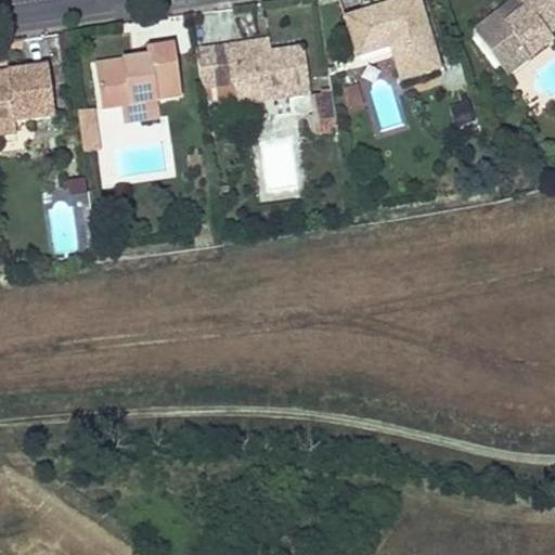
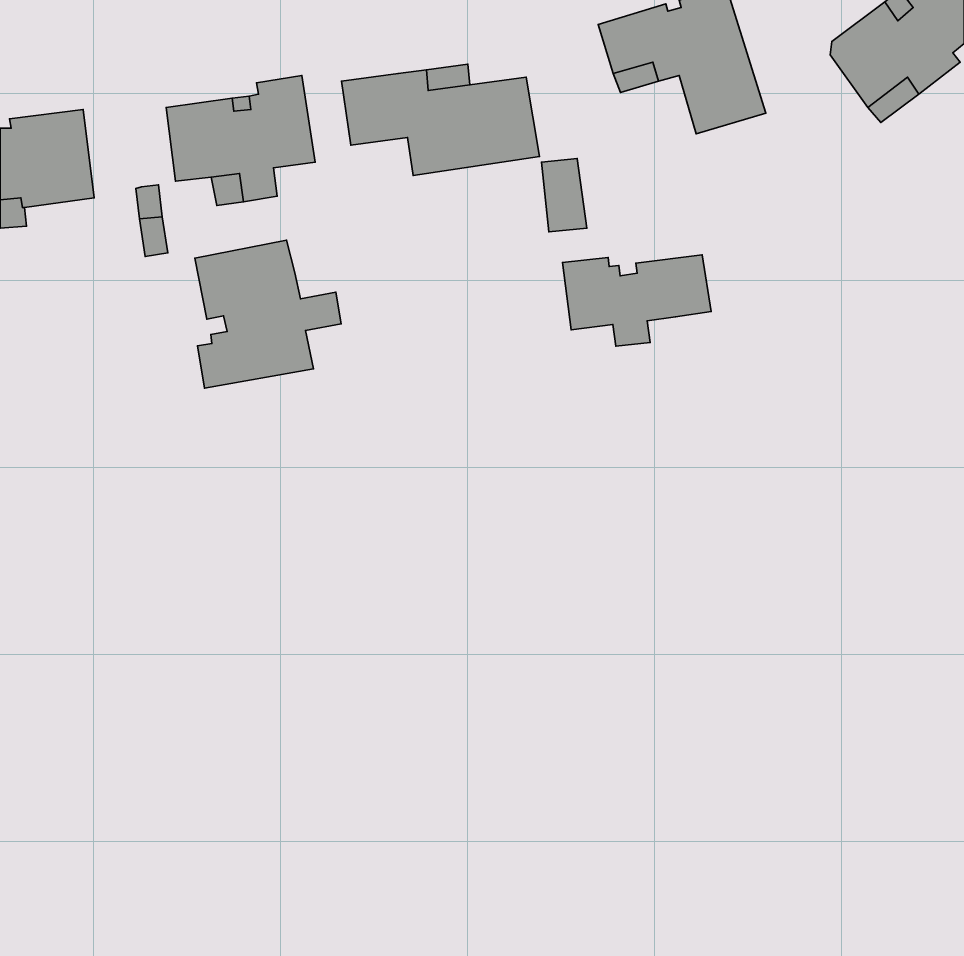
building: none -> [195,240,341,388]
building: none -> [562,255,711,346]

